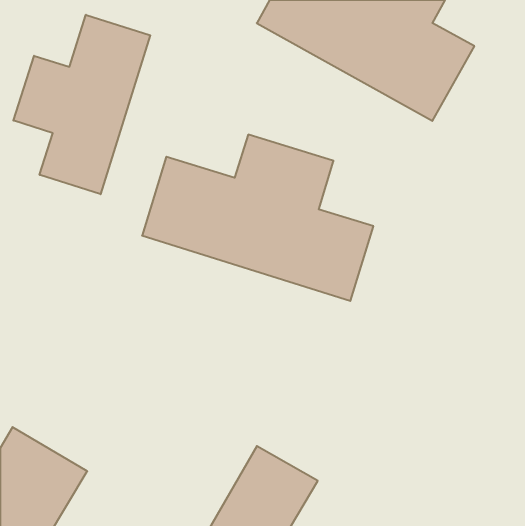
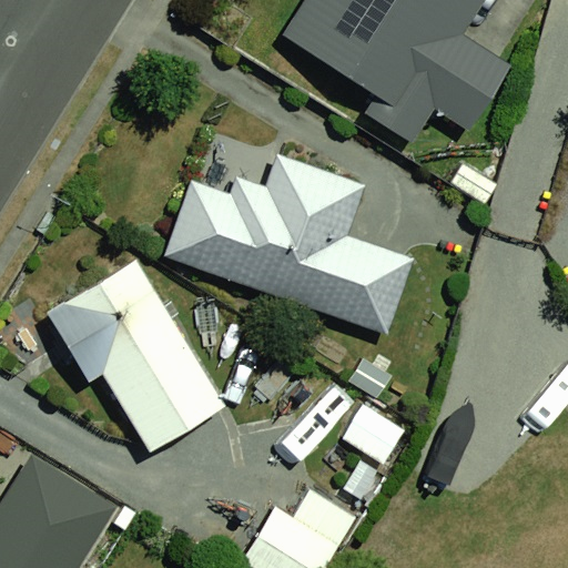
building: [13,15,150,194] -> none
building: none -> [47,258,227,466]

